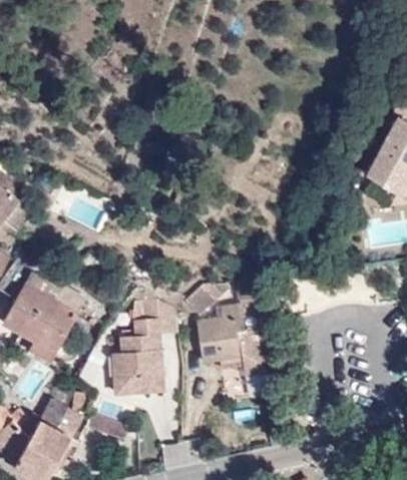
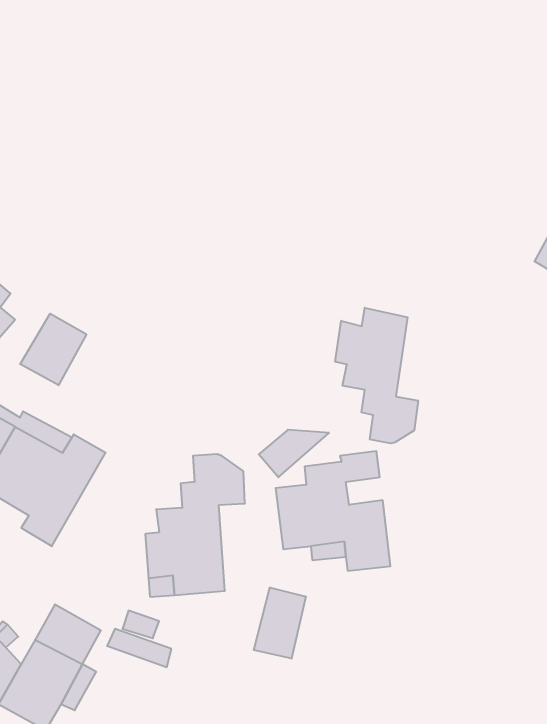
building: none -> [335,308,418,443]
building: none -> [20,314,86,385]
building: none -> [254,587,306,659]

